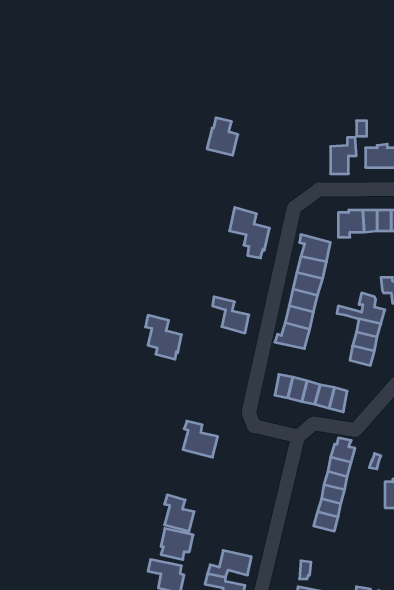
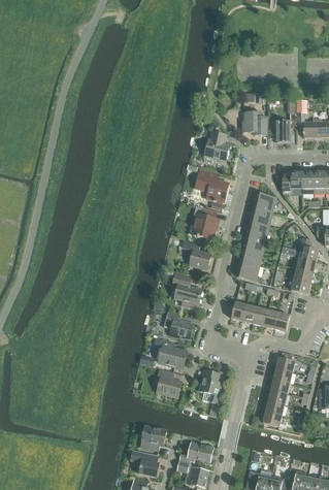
building: [207,118,238,155] -> [204,131,229,161]
building: none -> [241,111,266,135]
building: none -> [193,207,219,239]
building: [145,315,182,359] -> [172,274,201,309]
building: none -> [163,312,193,338]
building: none -> [199,370,223,403]
building: [164,495,194,531] -> [157,368,180,397]

